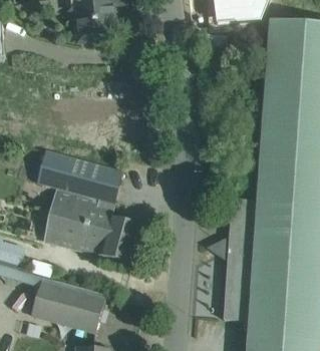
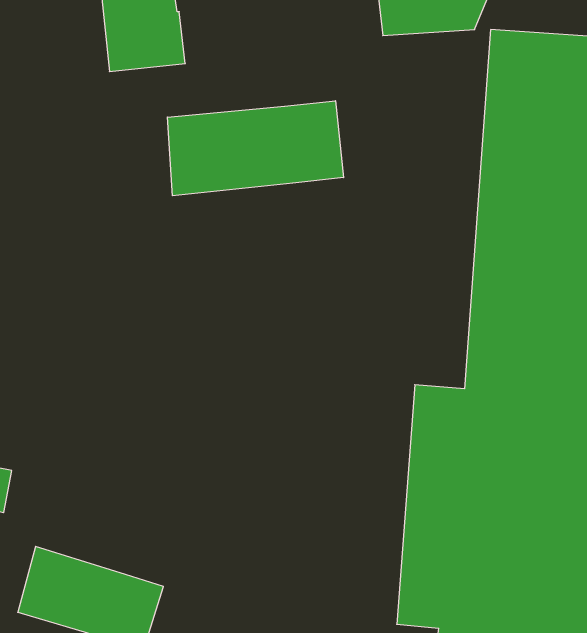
building: none -> [167,101,344,196]
building: [36,149,142,262] -> none

